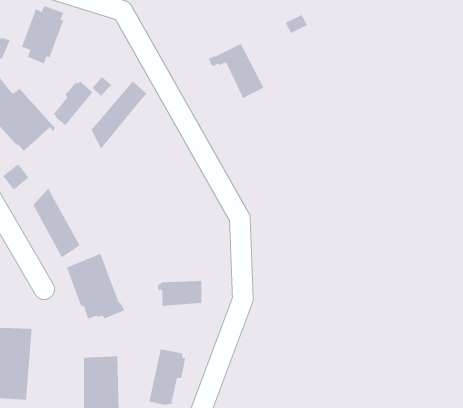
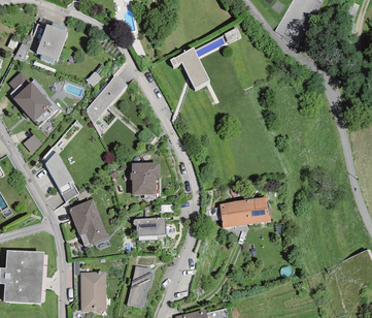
building: [53,81,93,126] -> none
building: none -> [130,162,160,198]
building: none -> [218,196,270,227]

